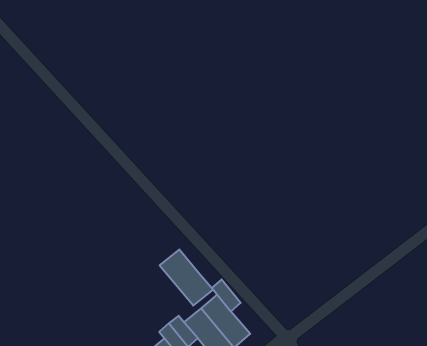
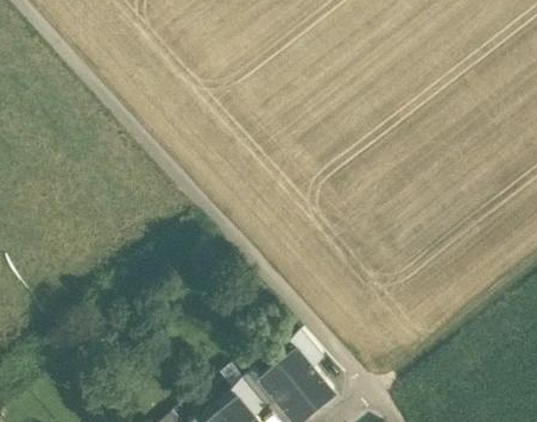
building: [160,249,213,306] -> none

